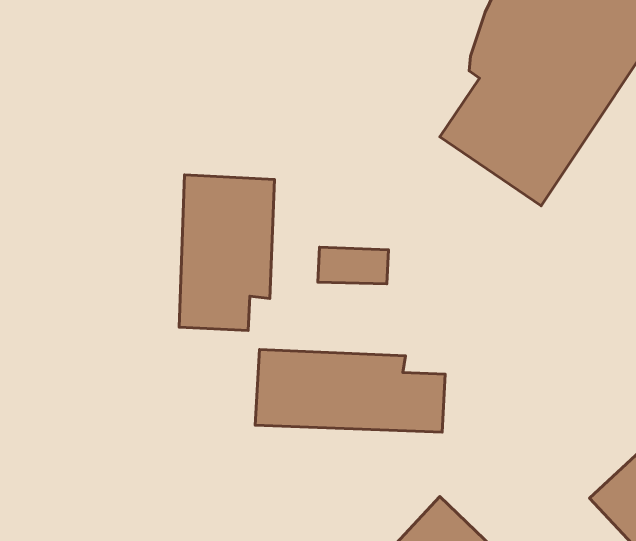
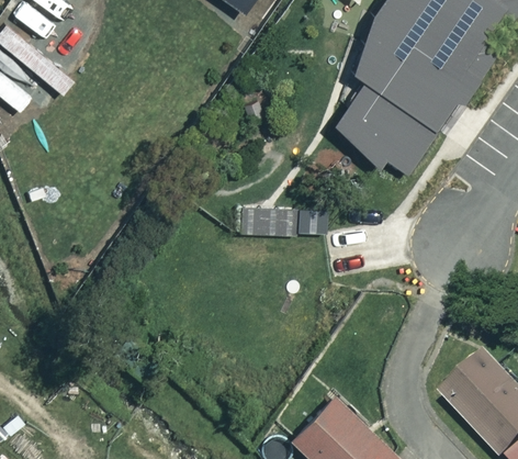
building: [179,175,275,330] -> none
building: [255,350,445,432] -> none

